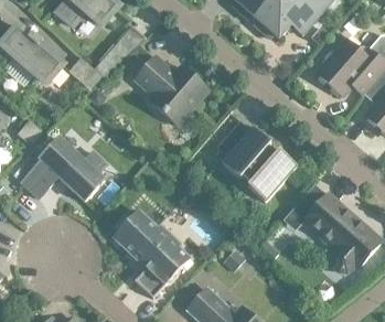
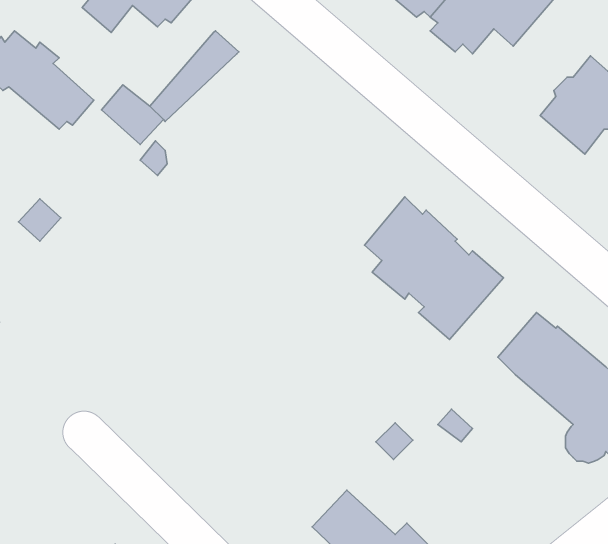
building: [135,55,207,124] -> none
building: [21,137,106,201] -> none
building: [113,210,189,297] -> none

